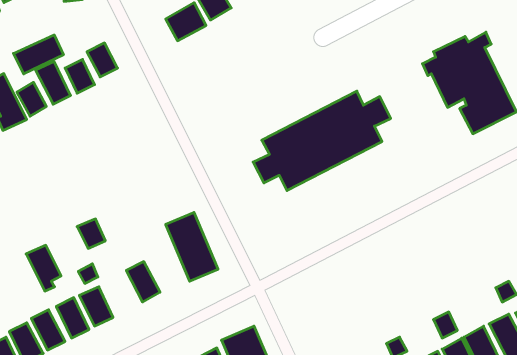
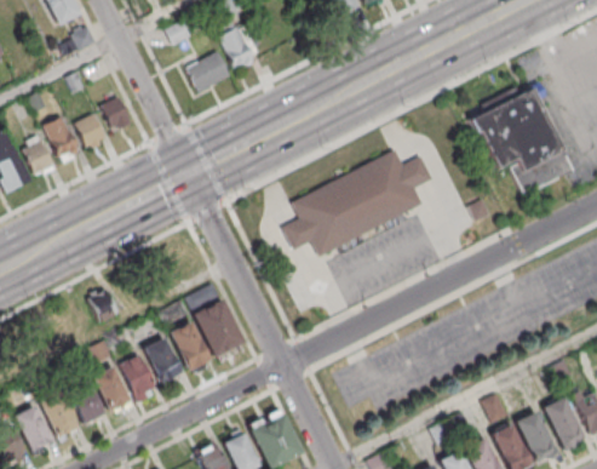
building: [13,35,63,74] -> none
building: [26,245,61,291] -> [116,351,155,402]
building: none -> [168,321,208,370]

